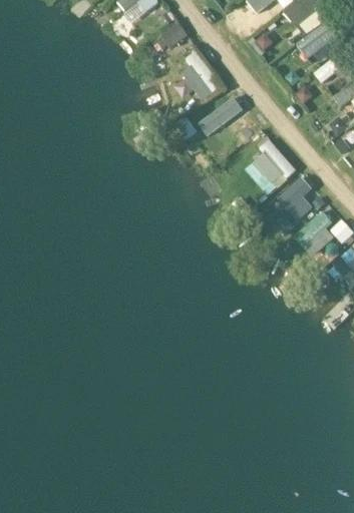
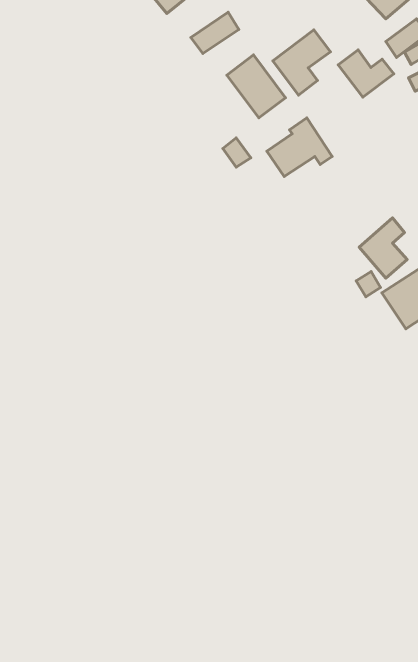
building: none -> [273,30,330,95]
building: none -> [338,50,394,97]
building: [245,137,296,193] -> none

